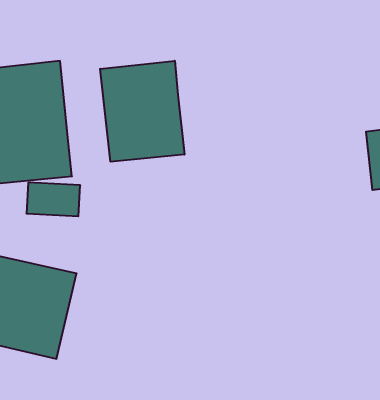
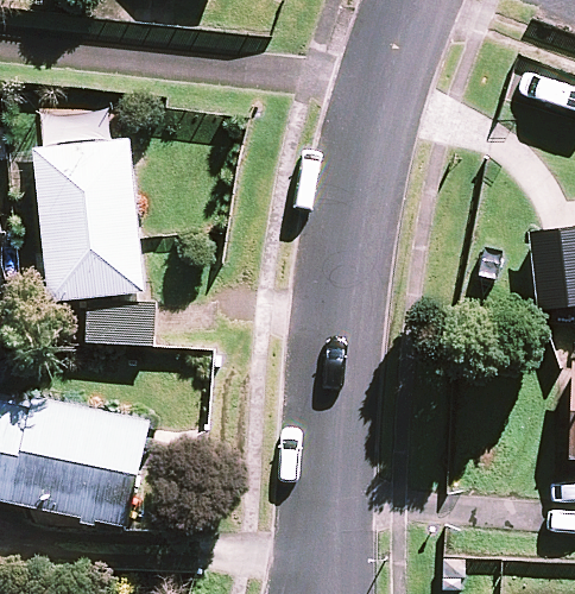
building: [100,61,184,162] -> none

